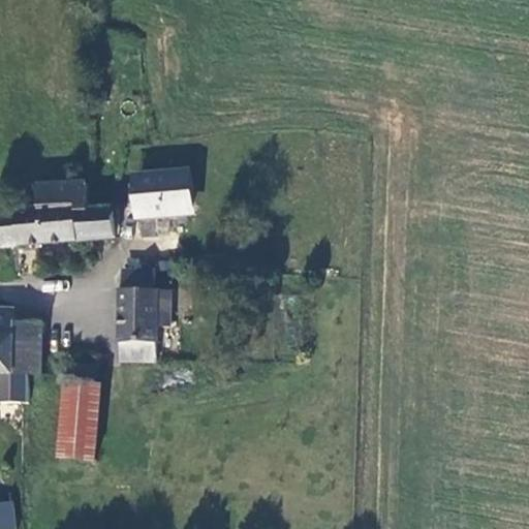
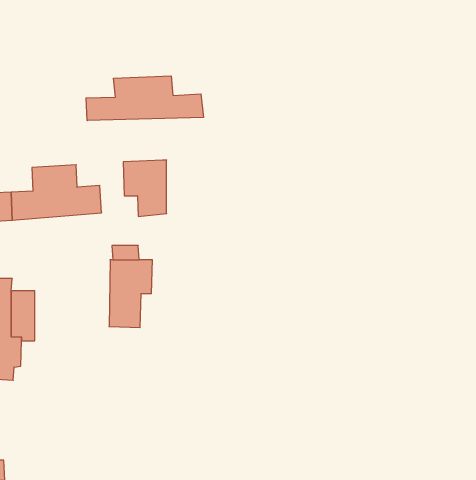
building: none -> [86,76,203,121]
building: [58,382,101,462] -> none

